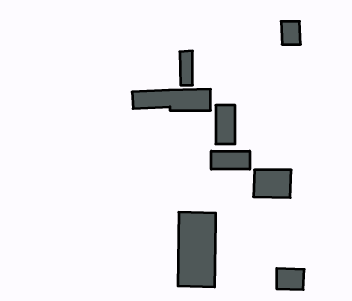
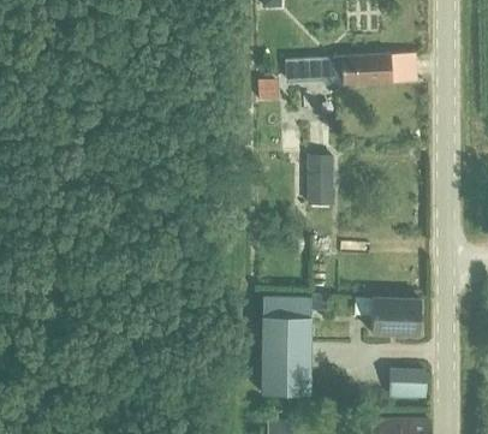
building: [132,89,211,110] -> [284,58,386,85]
building: [211,151,250,169] -> none
building: [253,170,291,198] -> [369,298,418,334]

